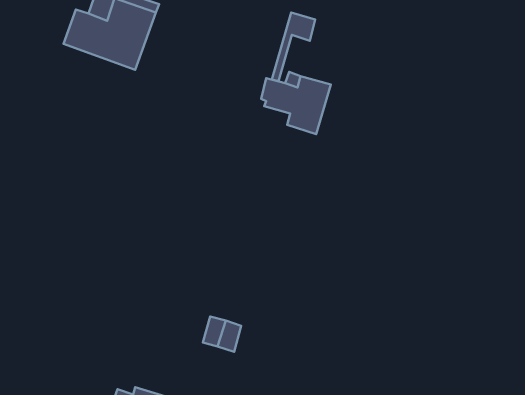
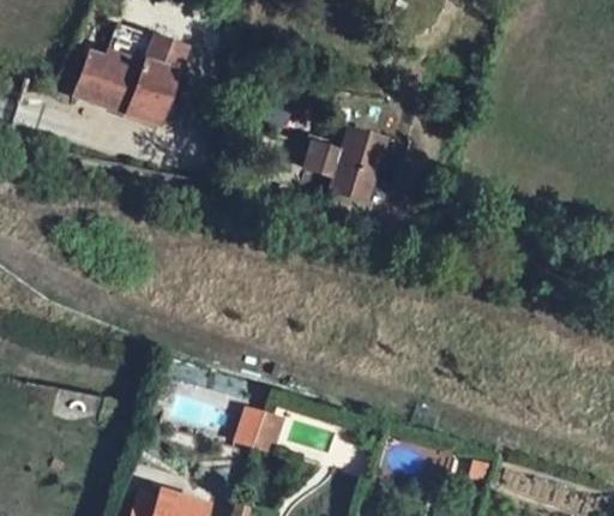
building: [272,12,315,81] -> none

